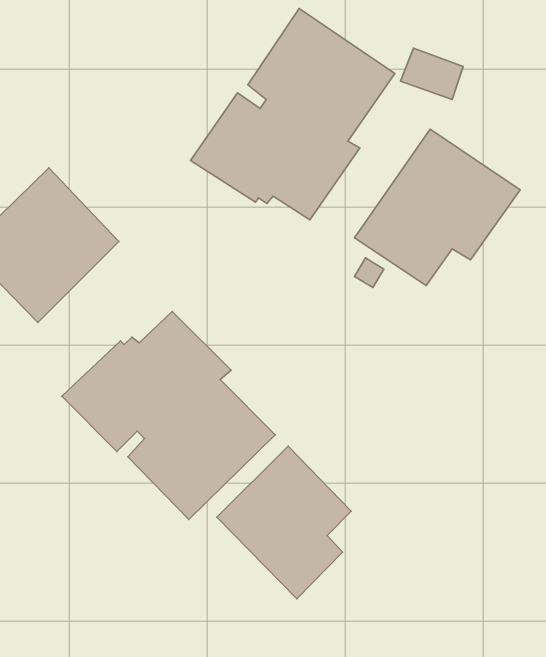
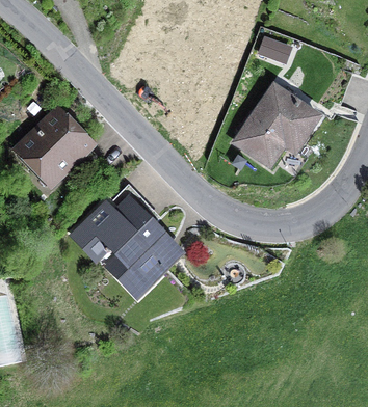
building: [191,9,395,220] -> none
building: [217,446,351,599] -> none

